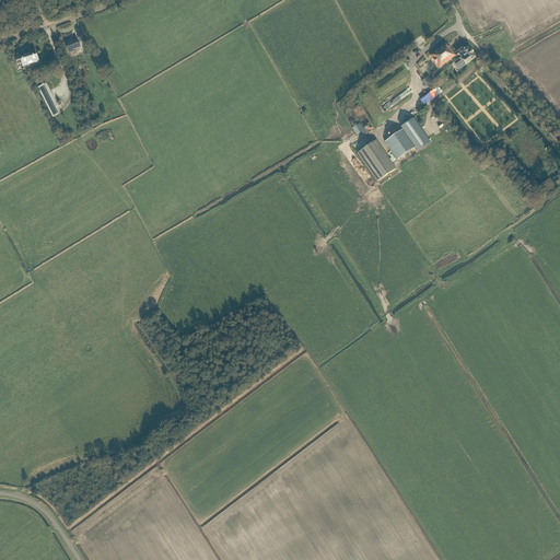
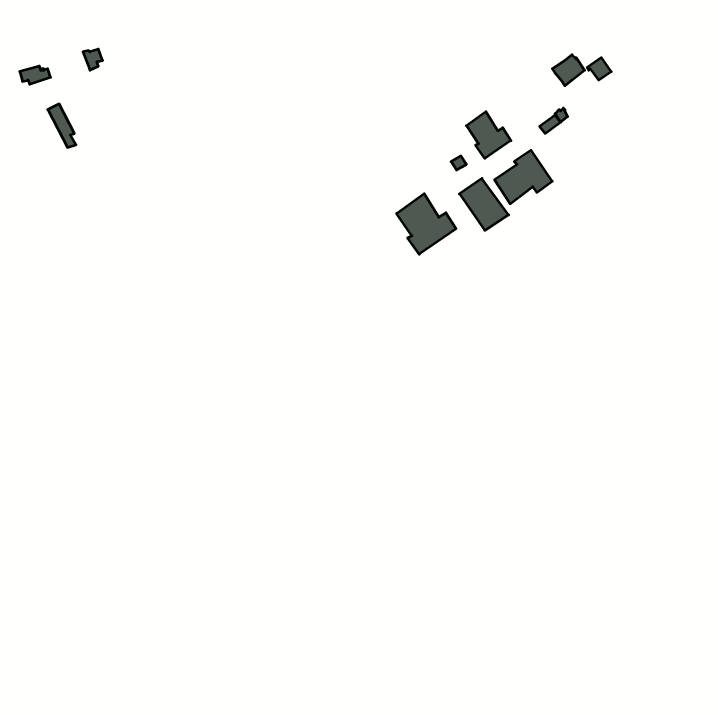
building: none -> [466,112,511,158]
building: none -> [397,194,456,254]

